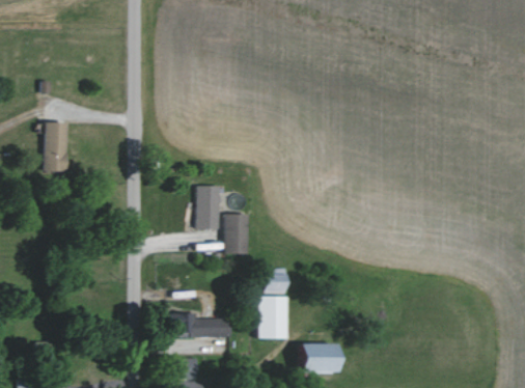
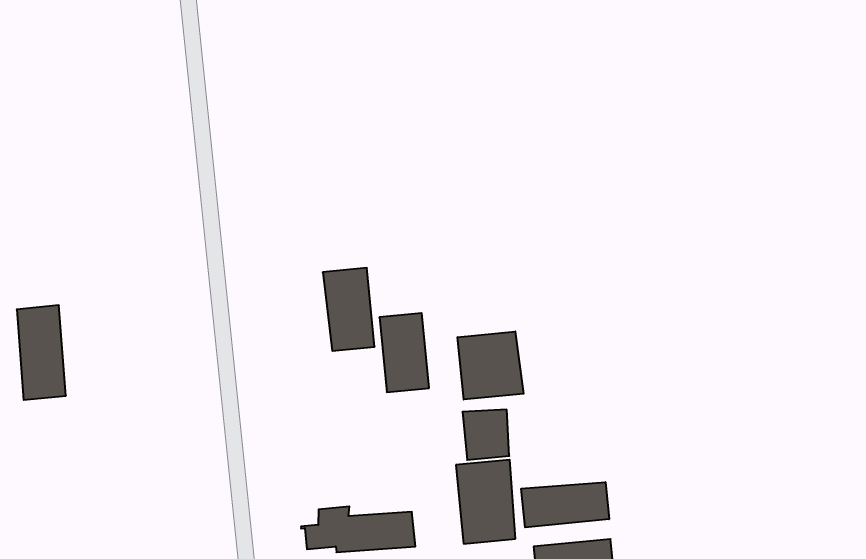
building: [45,122,68,171] -> [17,305,66,400]
building: none -> [458,331,524,400]
building: none -> [521,482,609,527]

